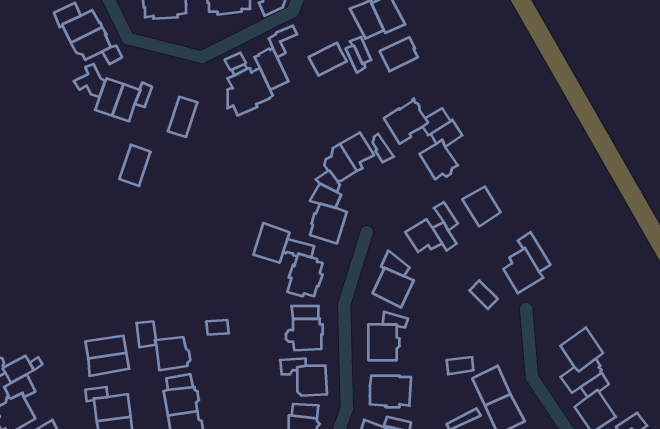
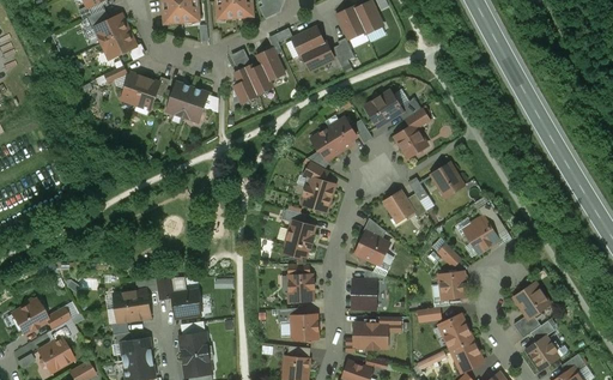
building: [380,37,418,71] -> [291,28,323,56]
building: [119,145,151,186] -> [166,83,193,117]
building: [254,223,289,263] -> none
building: none -> [439,272,466,300]

